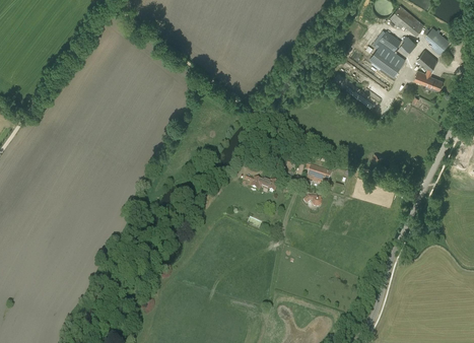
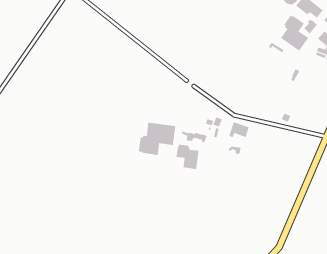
building: none -> [138,122,176,156]
building: none -> [176,144,199,170]

